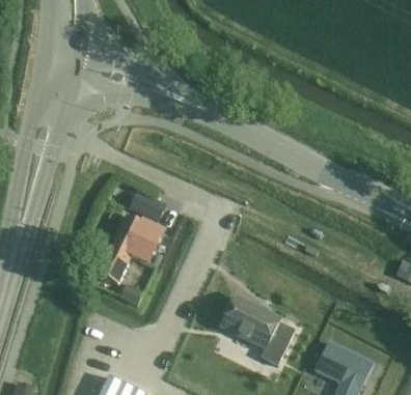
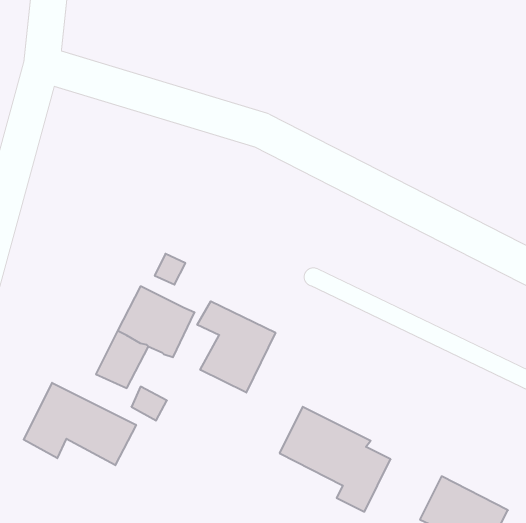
building: none -> [197,301,275,393]
building: none -> [24,383,136,465]

